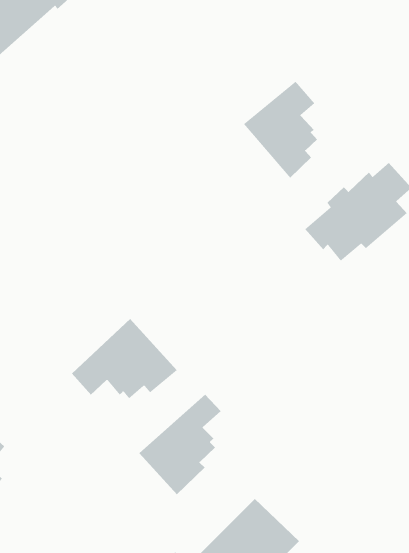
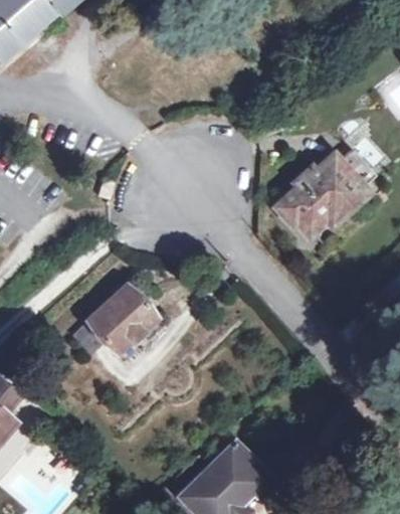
building: [243,81,318,178] -> none
building: [138,394,221,495] -> none

